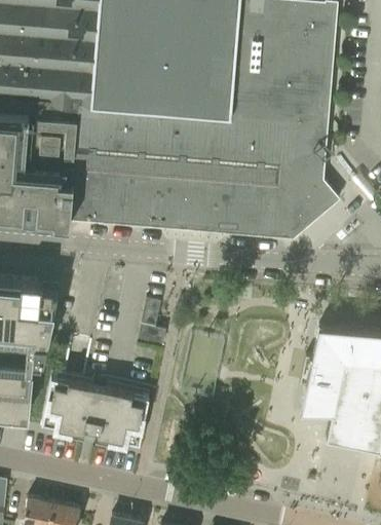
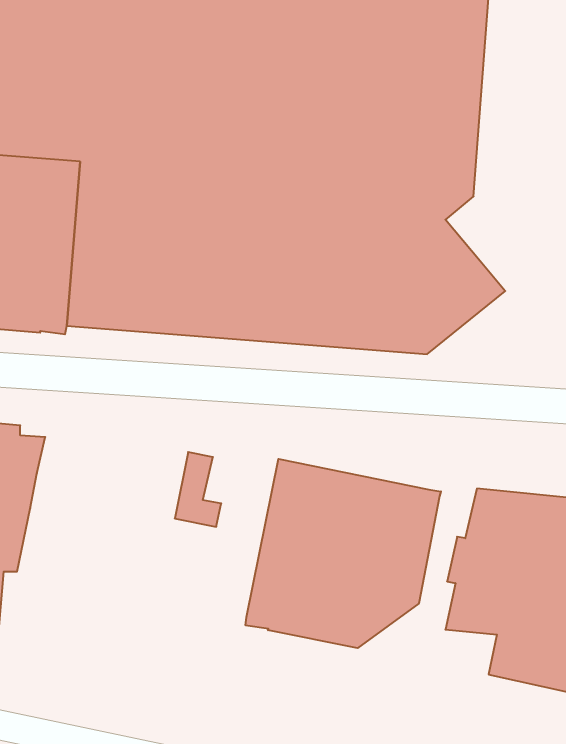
building: none -> [246,459,441,648]
building: [42,376,150,444] -> none

